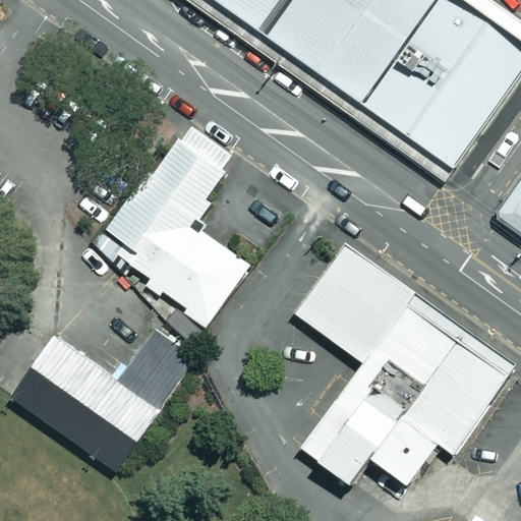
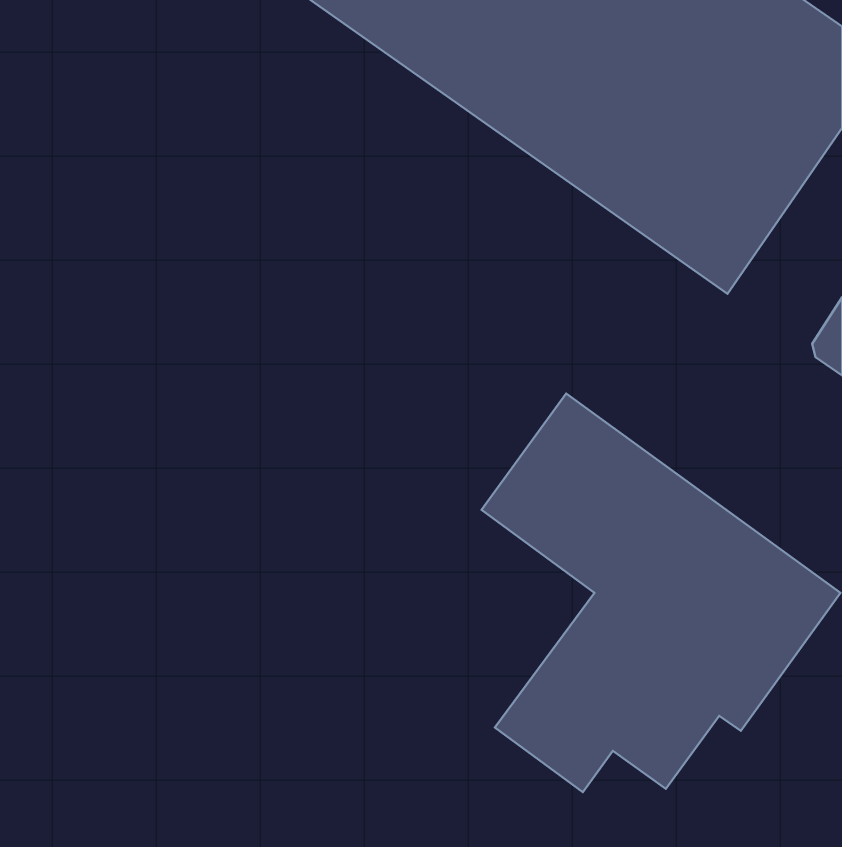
building: [95,136,248,329] -> none
building: [11,325,198,470] -> none

